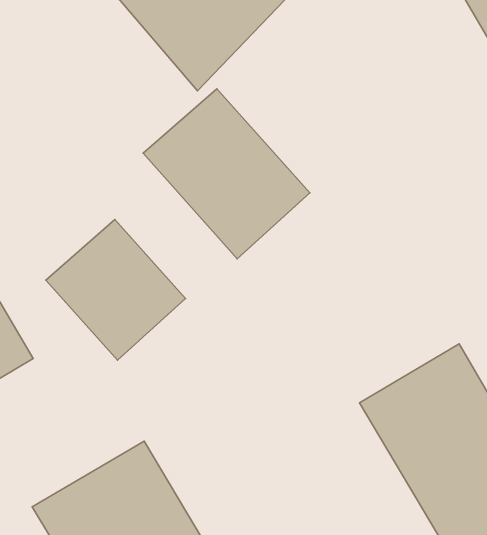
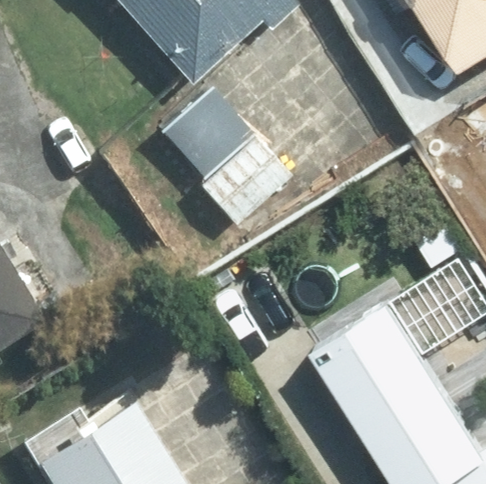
building: [46,219,186,360] -> none

